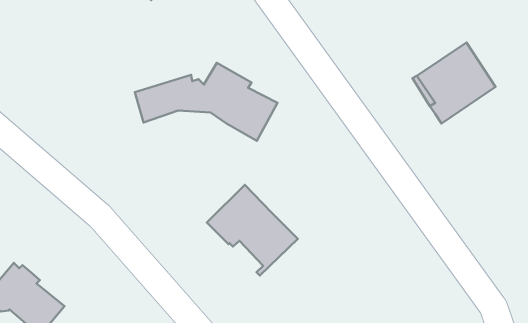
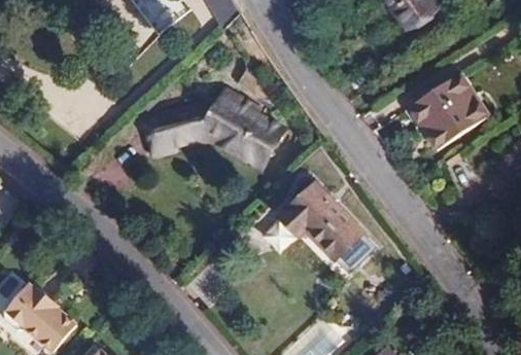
building: [207,185,298,276] -> [278,181,364,268]

